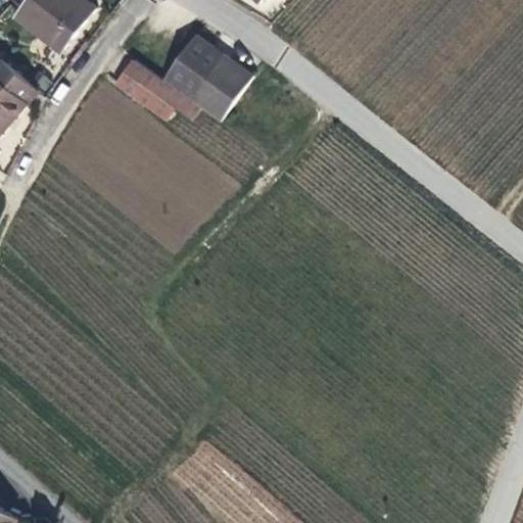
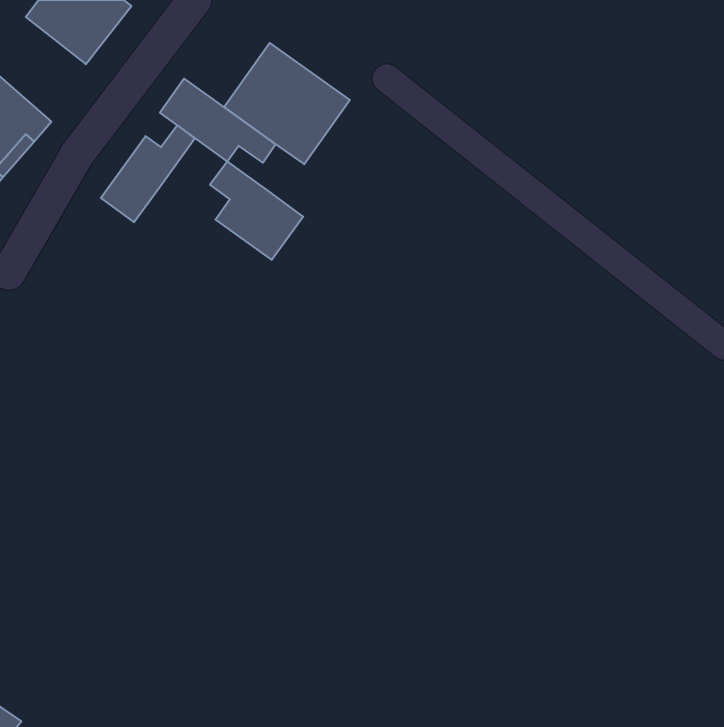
building: none -> [101,125,195,222]
building: none -> [210,161,303,260]

